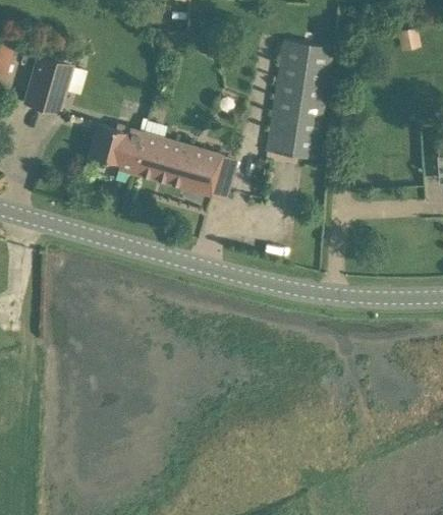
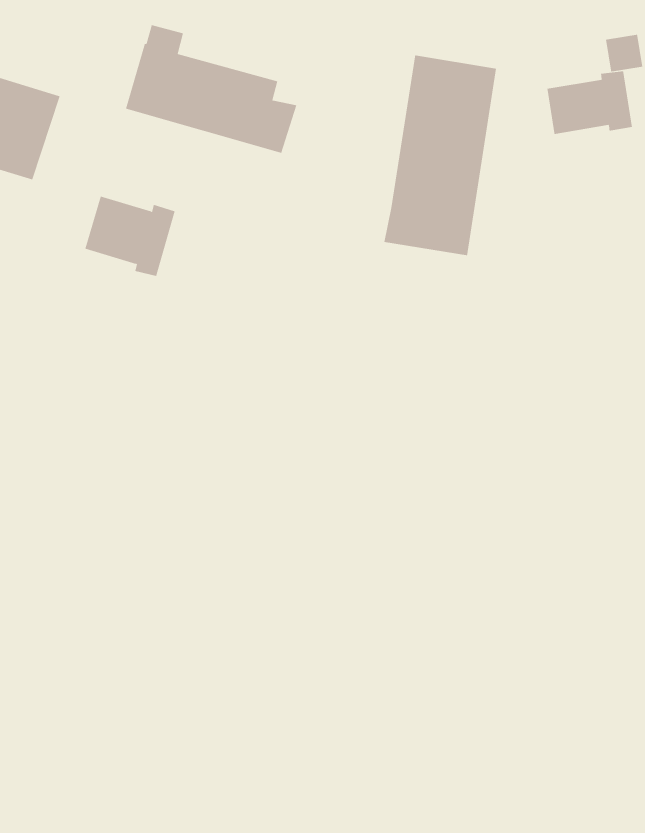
building: none -> [547,71,633,135]
building: [131,123,233,199] -> [125,25,297,153]

